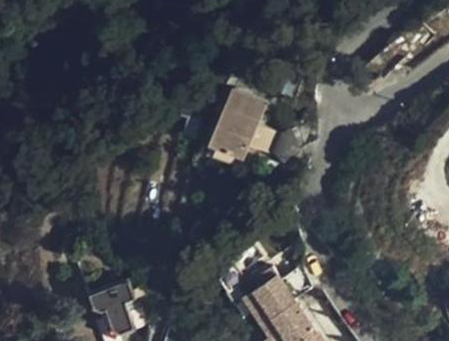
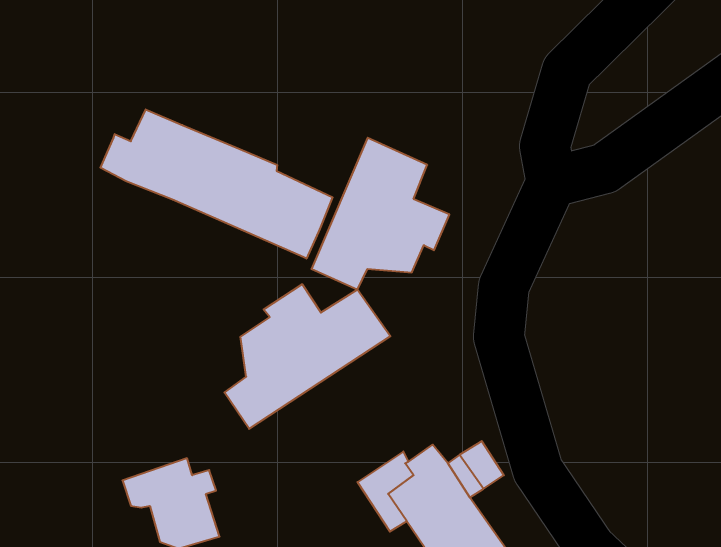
building: none -> [100,109,333,259]
building: none -> [224,284,390,429]

